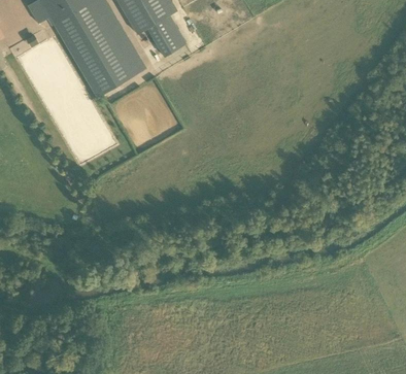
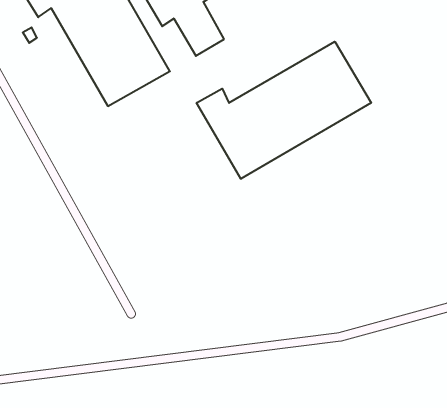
building: none -> [197,42,371,179]

